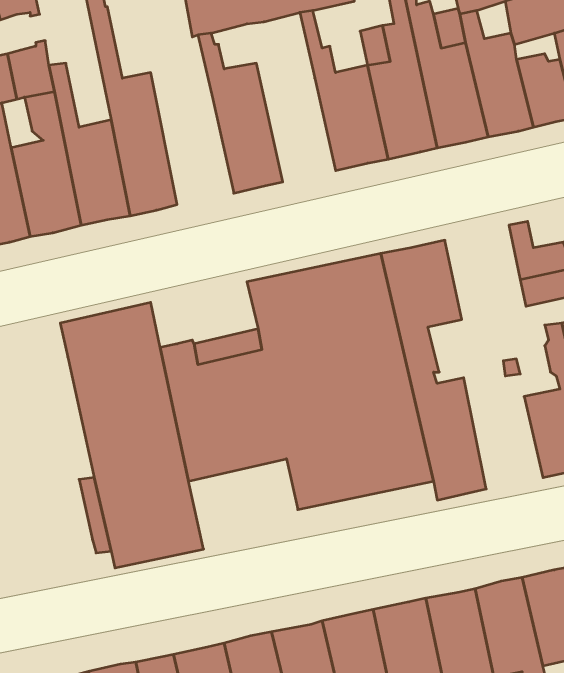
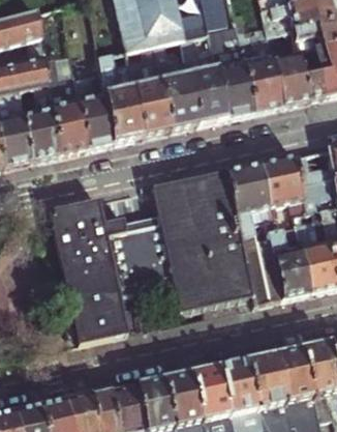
building: none -> [152,41,201,129]
building: none -> [96,52,145,142]
building: none -> [261,153,308,212]
building: none -> [270,230,314,298]

